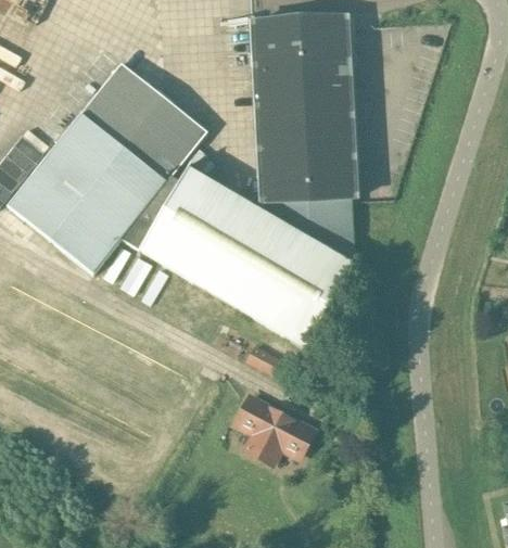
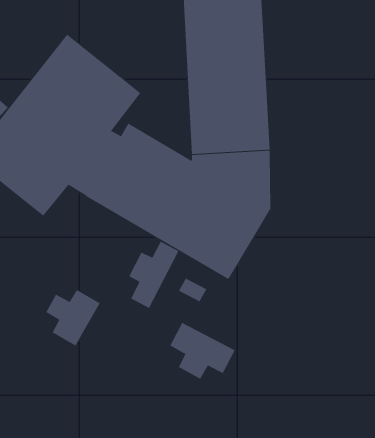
building: none -> [128,241,179,309]
building: none -> [46,289,100,346]

